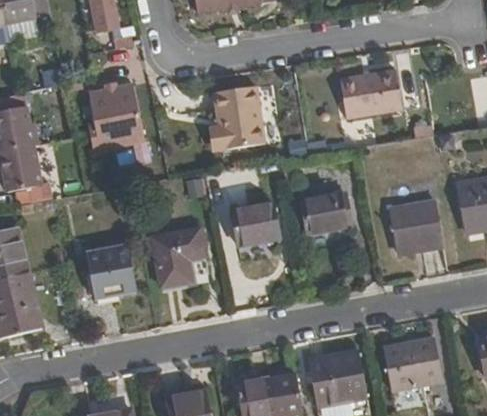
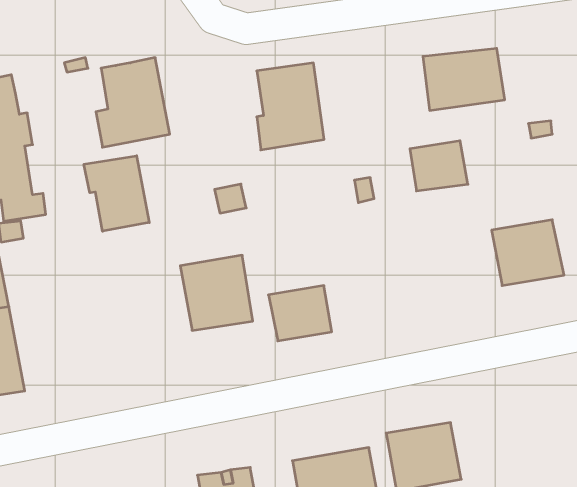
building: none -> [84,156,149,231]
building: [304,195,348,233] -> [410,141,468,191]
building: [234,204,282,246] -> [268,286,332,341]
building: [89,246,139,296] -> none
building: [383,340,443,391] -> none

